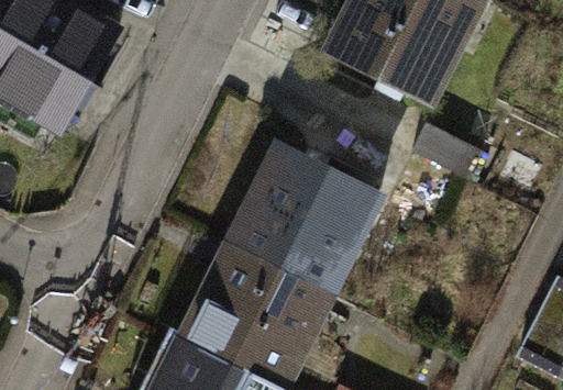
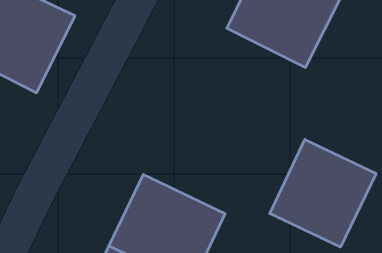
building: [219,152,374,300] -> none
building: none -> [270,139,376,247]

